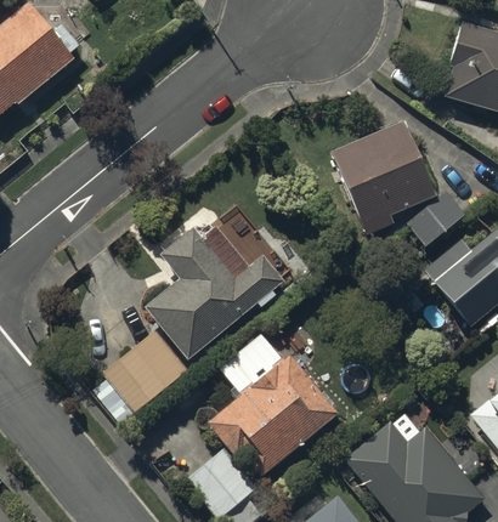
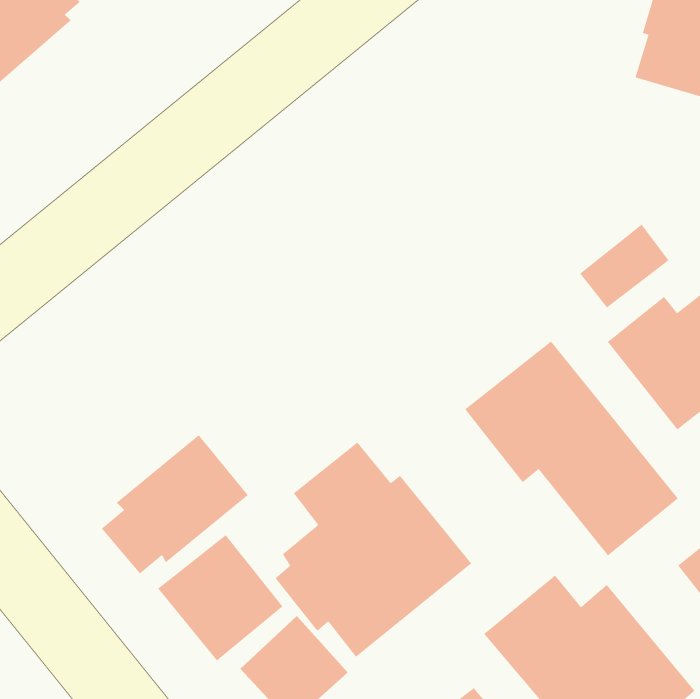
building: [330,120,436,233] -> none
building: [145,226,284,359] -> none
building: none -> [464,340,679,556]
building: none -> [157,534,283,661]

